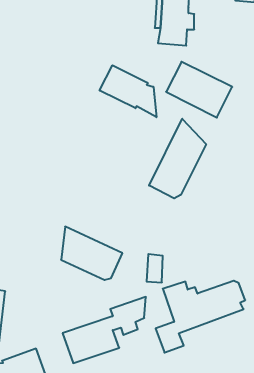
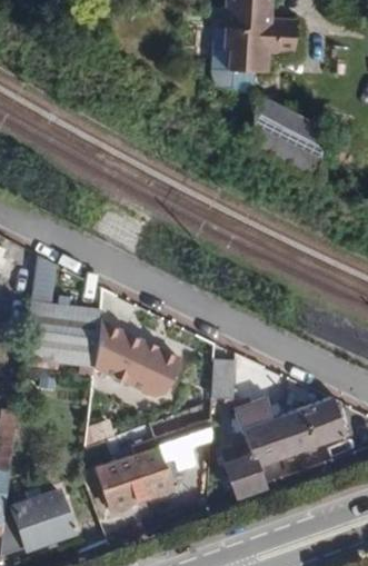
building: [100,65,156,117] -> none
building: [149,119,206,198] -> none
building: none -> [24,256,101,367]

